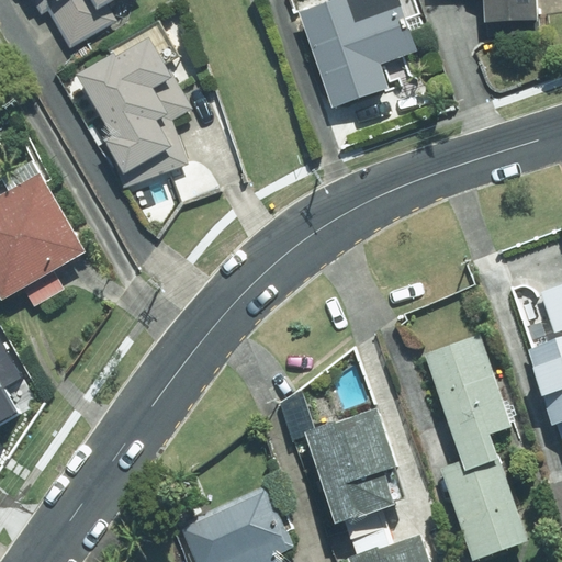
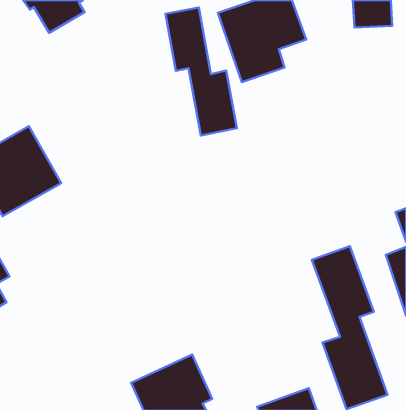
building: none -> [165,7,237,135]
building: [80,34,192,187] -> none
building: [307,405,401,521] -> none

